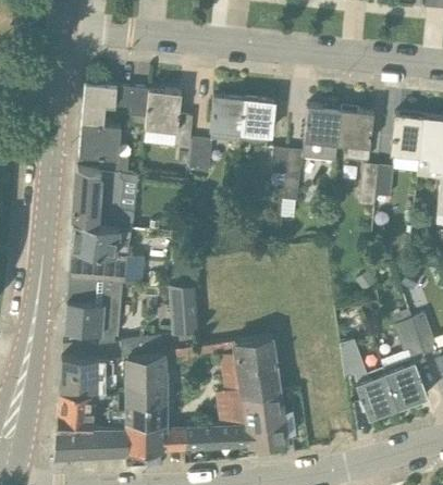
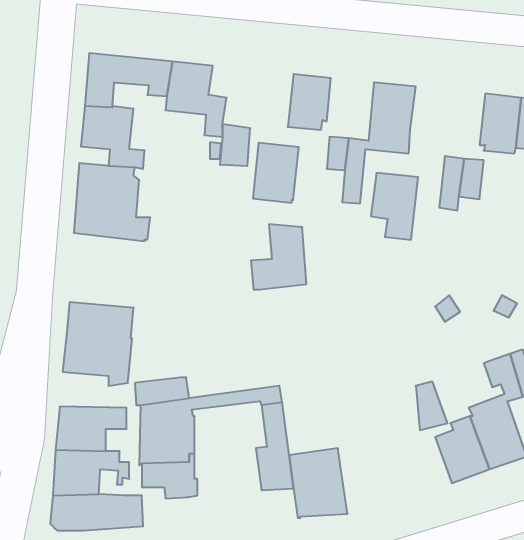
building: [210,97,246,144] -> [253,143,299,203]
building: [337,110,374,162] -> [371,173,418,240]
building: [71,224,130,283] -> none
building: [156,286,199,337] -> [251,224,306,290]
building: [235,338,281,398] -> none
building: [110,395,163,453] -> none
building: [185,424,249,450] -> none

